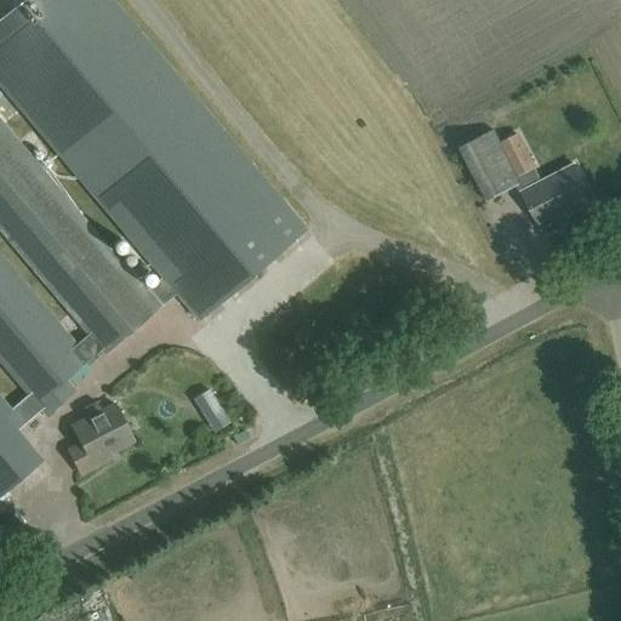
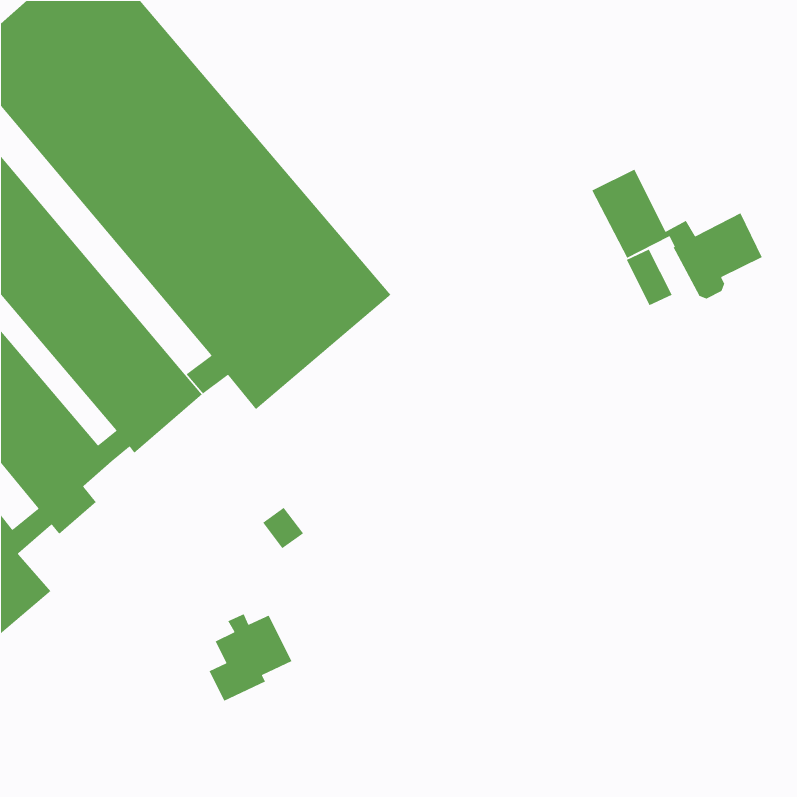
building: [502,129,539,173] -> [626,249,673,306]
building: [69,404,135,473] -> [208,613,293,702]

